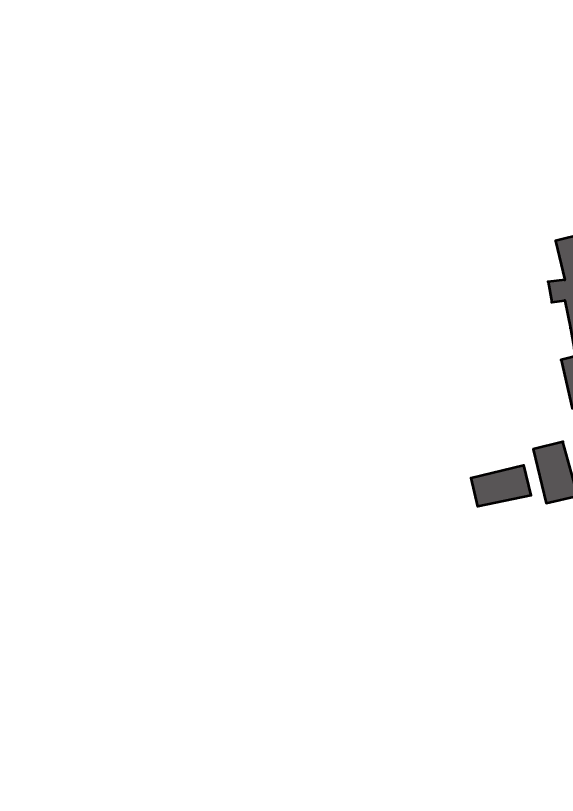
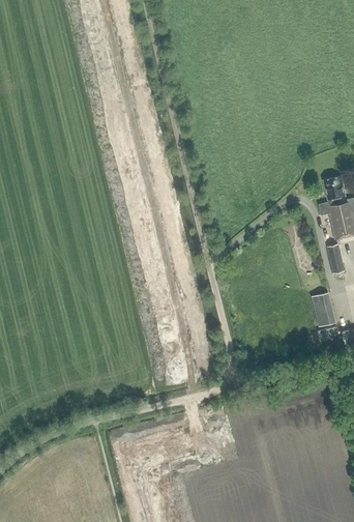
building: [471,465,531,506] -> none

